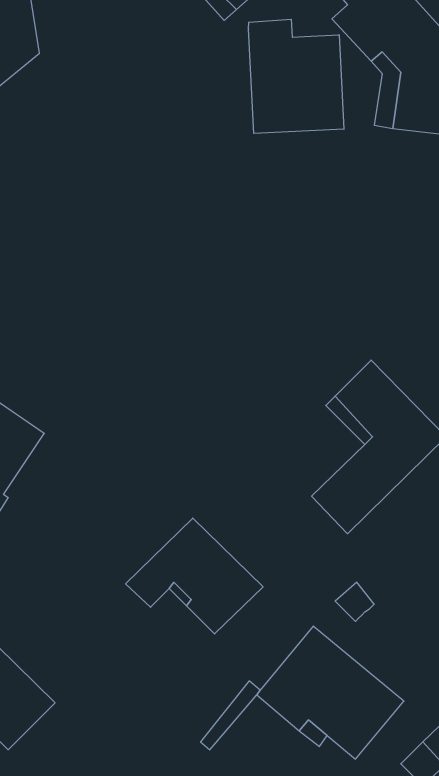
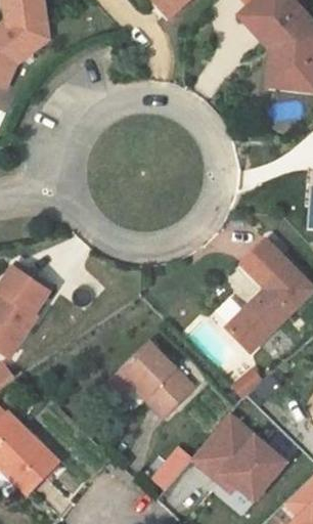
building: [249,19,344,133] -> none

